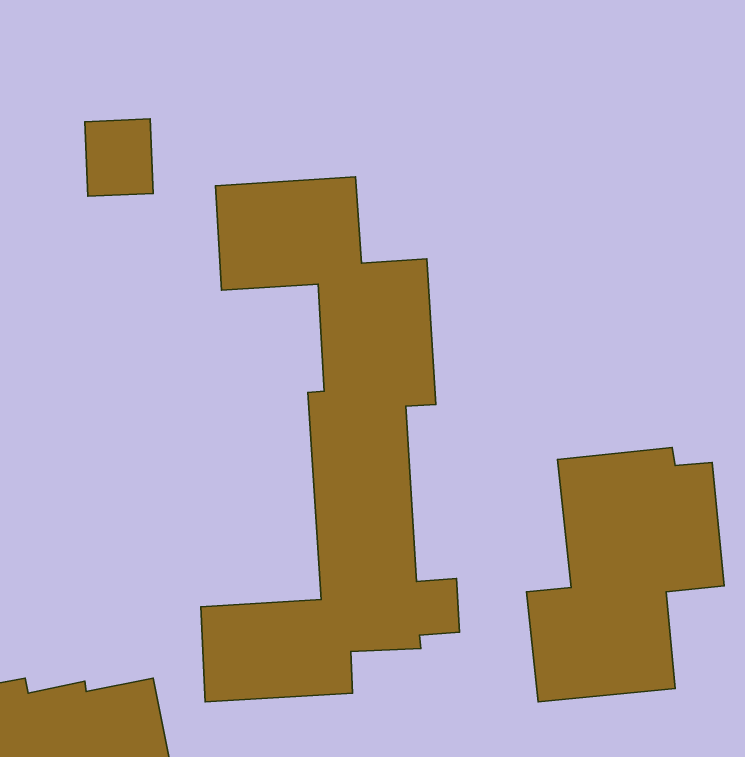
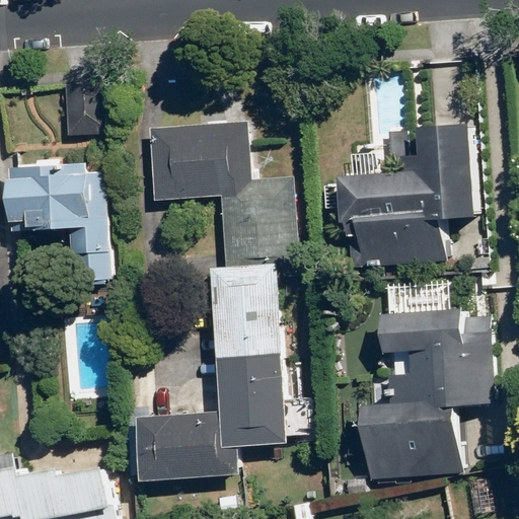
building: none -> [343,127,480,268]
building: none -> [6,163,105,281]

